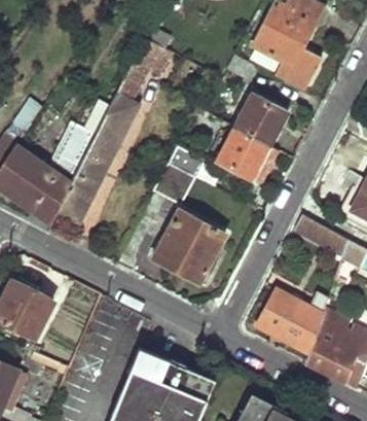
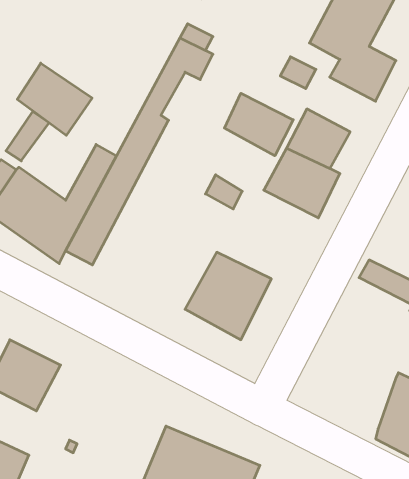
building: none -> [17,63,92,135]
building: none -> [224,93,293,156]
building: [155,163,198,205] -> none
building: [257,289,330,353] -> none

